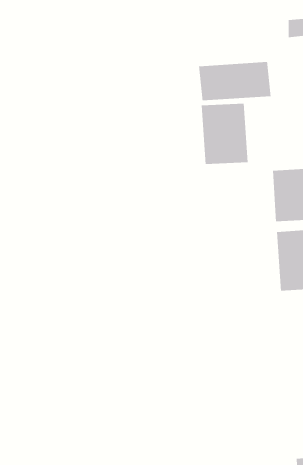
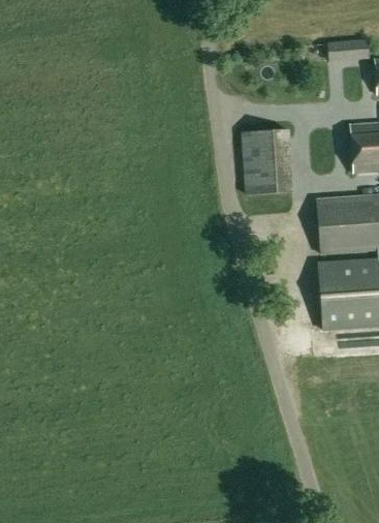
building: [199,61,271,101] -> none

